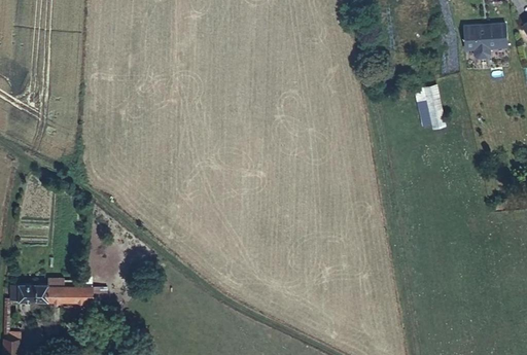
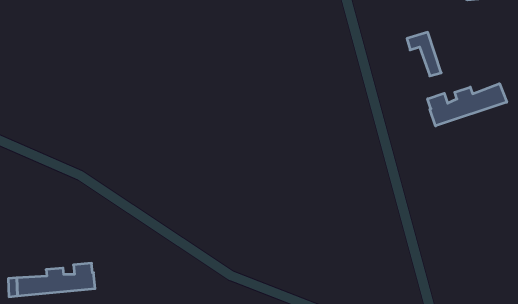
building: none -> [428,84,507,126]

